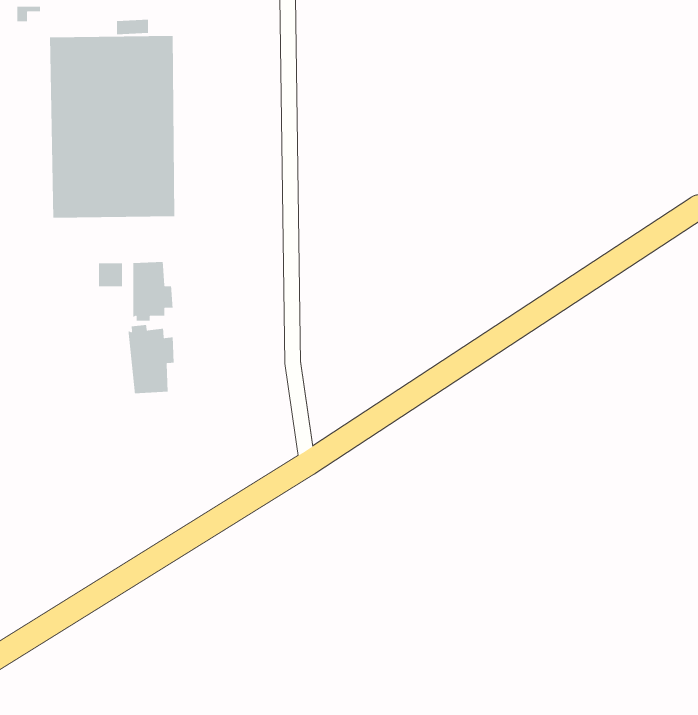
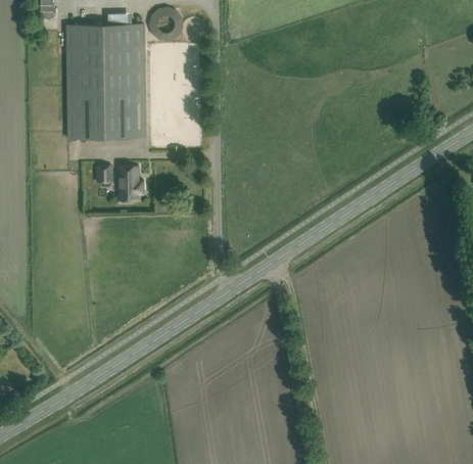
building: [128,324,175,394] -> none

